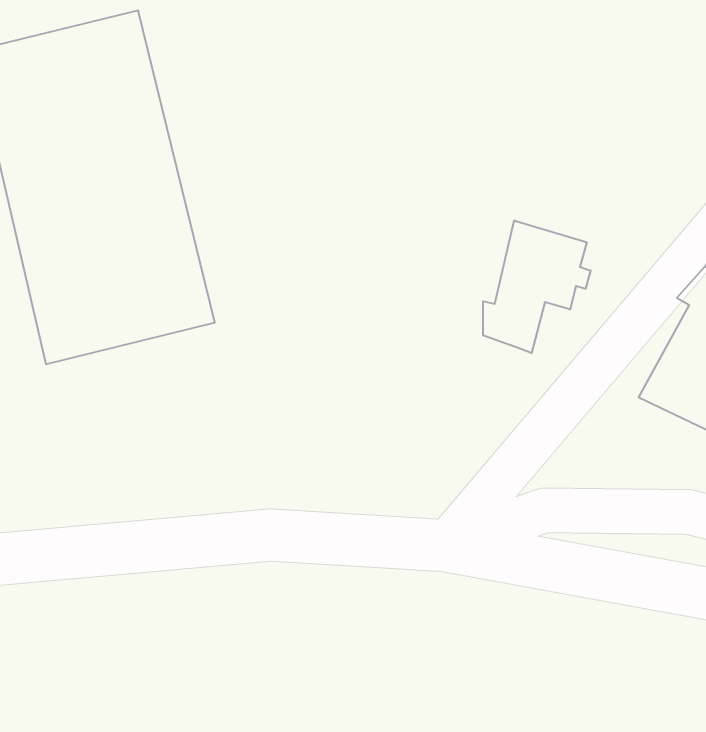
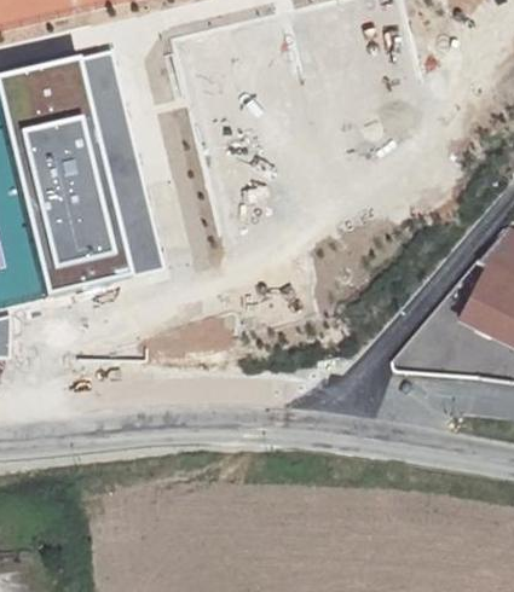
building: [483,220,591,353] -> none

